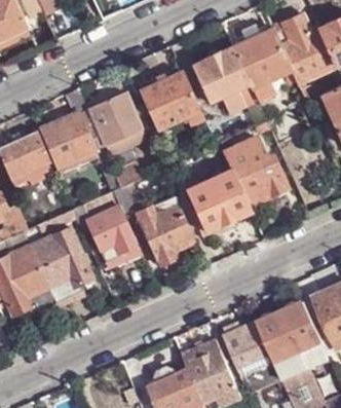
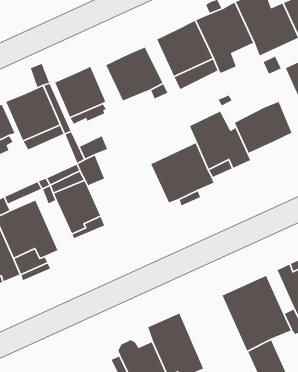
building: none -> [234,101,293,154]
building: [136,196,195,264] -> none
building: [223,323,281,392] -> none

